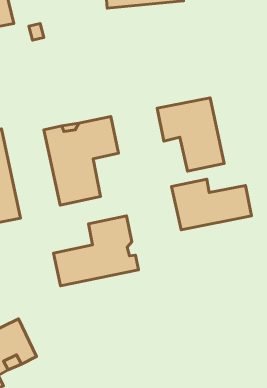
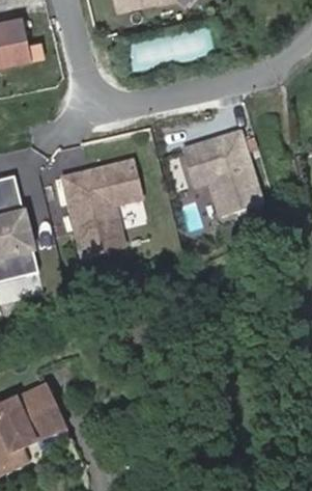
building: [172,179,252,230] -> none
building: [54,216,139,286] -> none

